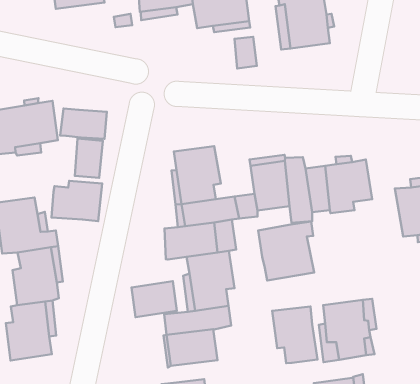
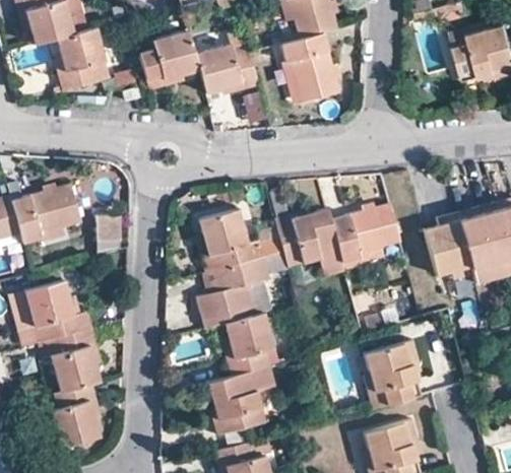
building: [60,108,107,139] -> none
building: [51,181,102,221] -> none
building: [258,221,314,280] -> none
building: [132,281,177,317] -> none
building: [272,307,318,363] -> none

